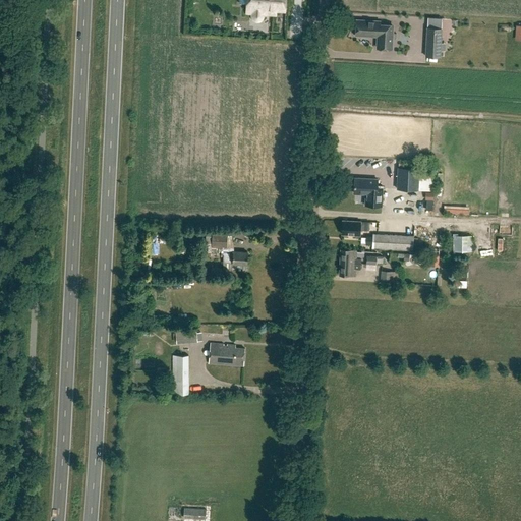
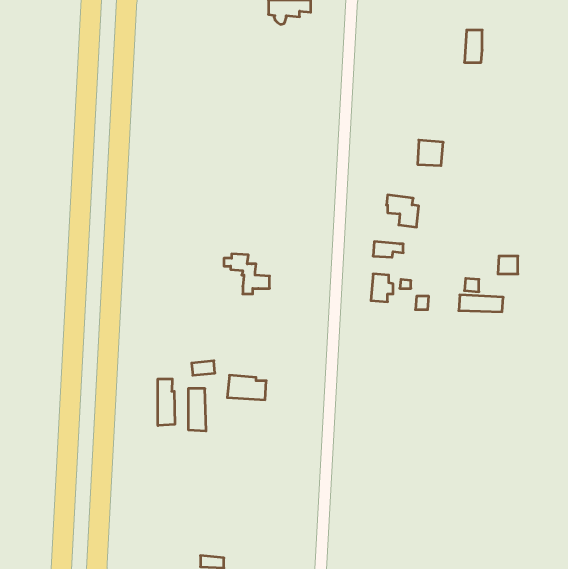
building: [355,20,396,49] -> none
building: [396,167,419,190] -> [418,140,443,166]
building: [371,234,412,249] -> [459,295,503,312]
building: none -> [158,379,175,426]

